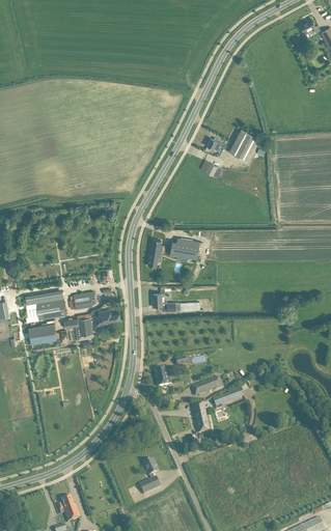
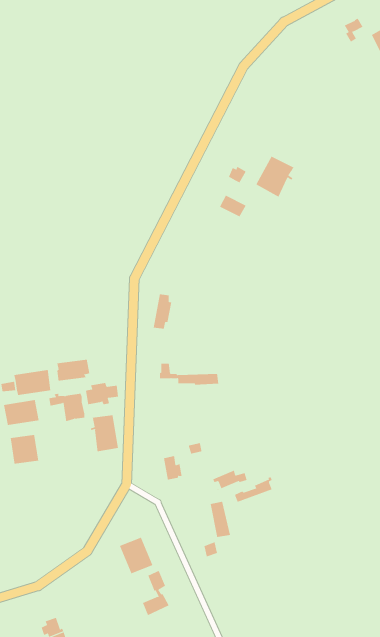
building: [169,237,198,259] -> none
building: none -> [90,415,118,452]
building: none -> [10,434,39,465]
building: none -> [119,537,153,574]

